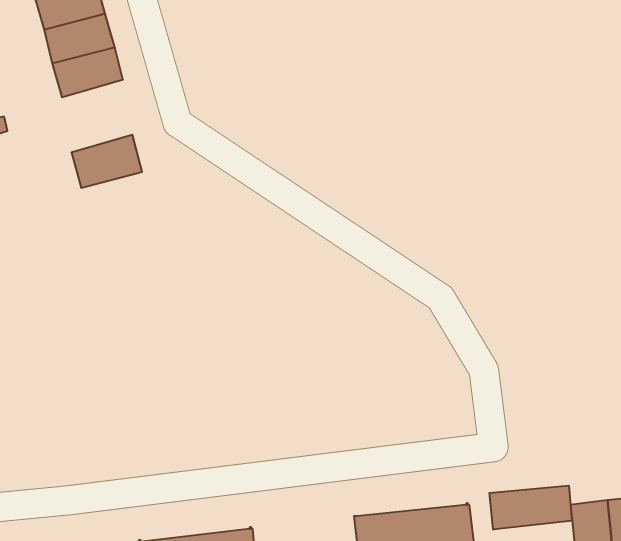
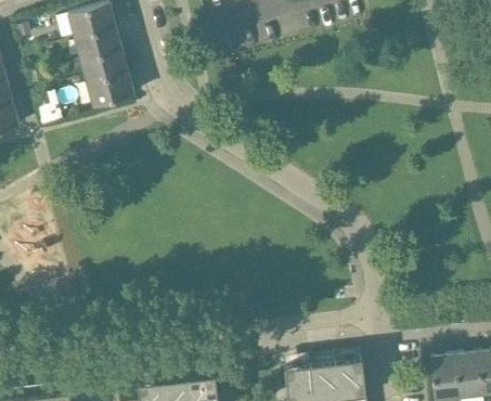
building: [71,135,142,188] -> [87,74,134,109]
building: [489,486,572,530] -> none

